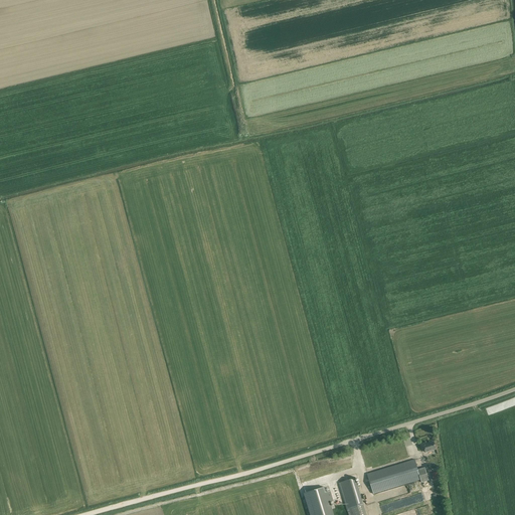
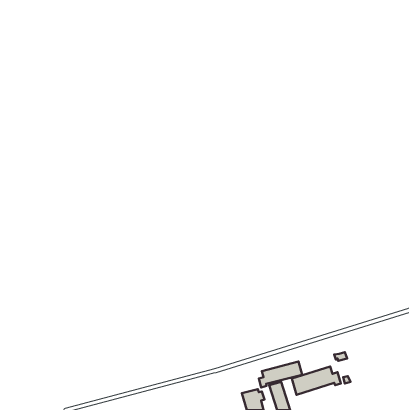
building: none -> [259,362,302,387]

